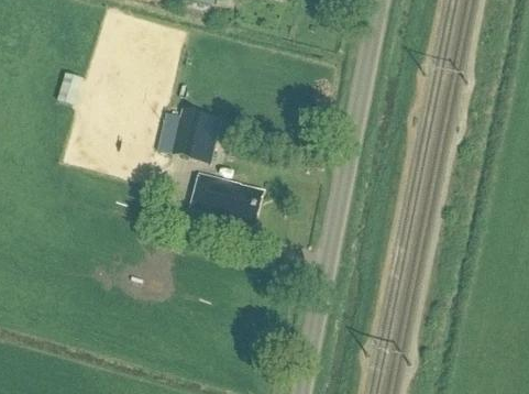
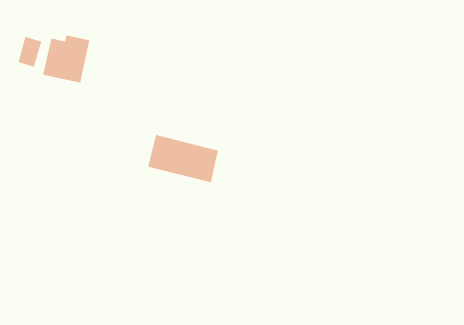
building: [157,108,207,158] -> [42,34,90,84]

